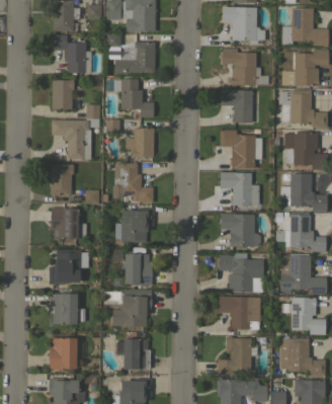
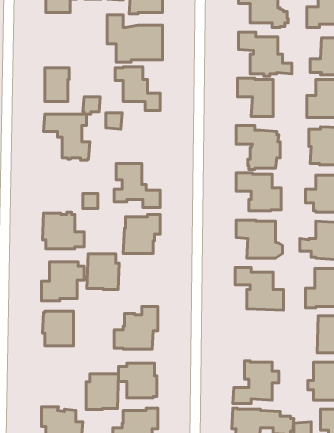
building: [54,34,92,75] -> none
building: [126,128,155,158] -> none
building: [51,164,74,195] -> none
building: [124,254,153,286] -> [87,254,119,290]
building: [219,297,261,330] -> none
building: [50,338,78,370] -> [86,374,119,409]

